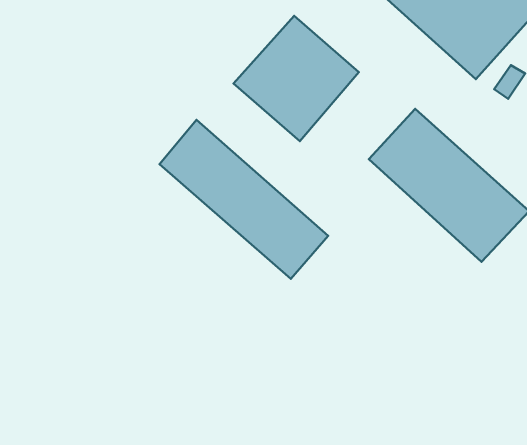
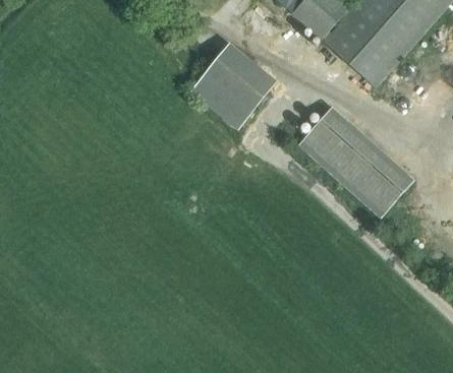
building: [159,120,328,279] -> none

